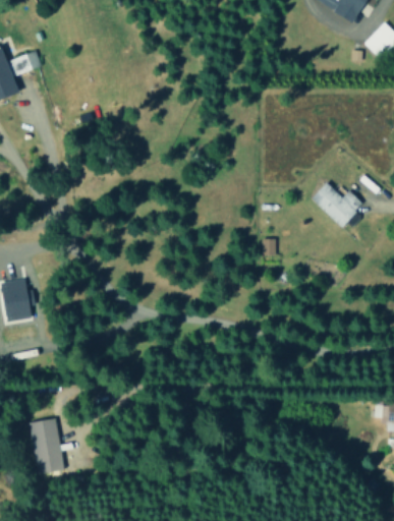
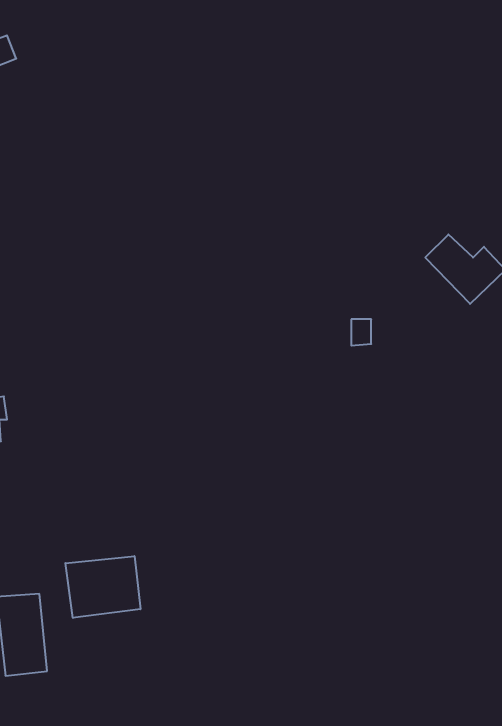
building: none -> [65,556,140,618]

